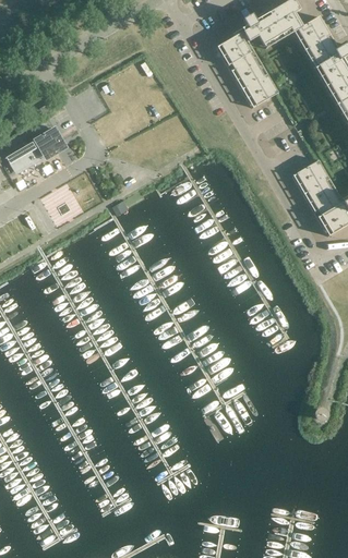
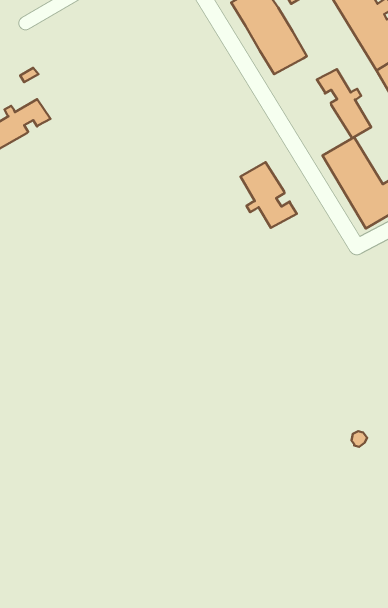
building: none -> [317,69,371,138]
building: none -> [241,162,297,228]

